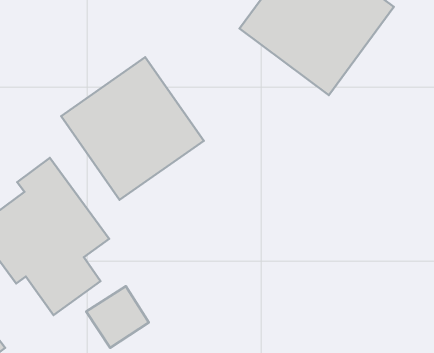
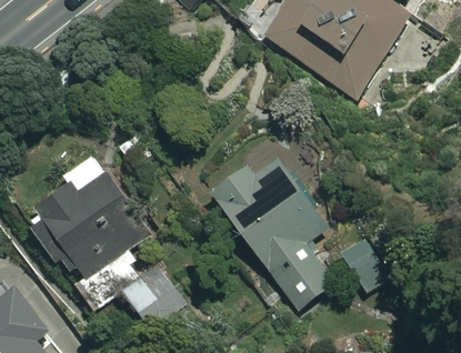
building: [61,57,204,200] -> none
building: none -> [214,159,355,309]

